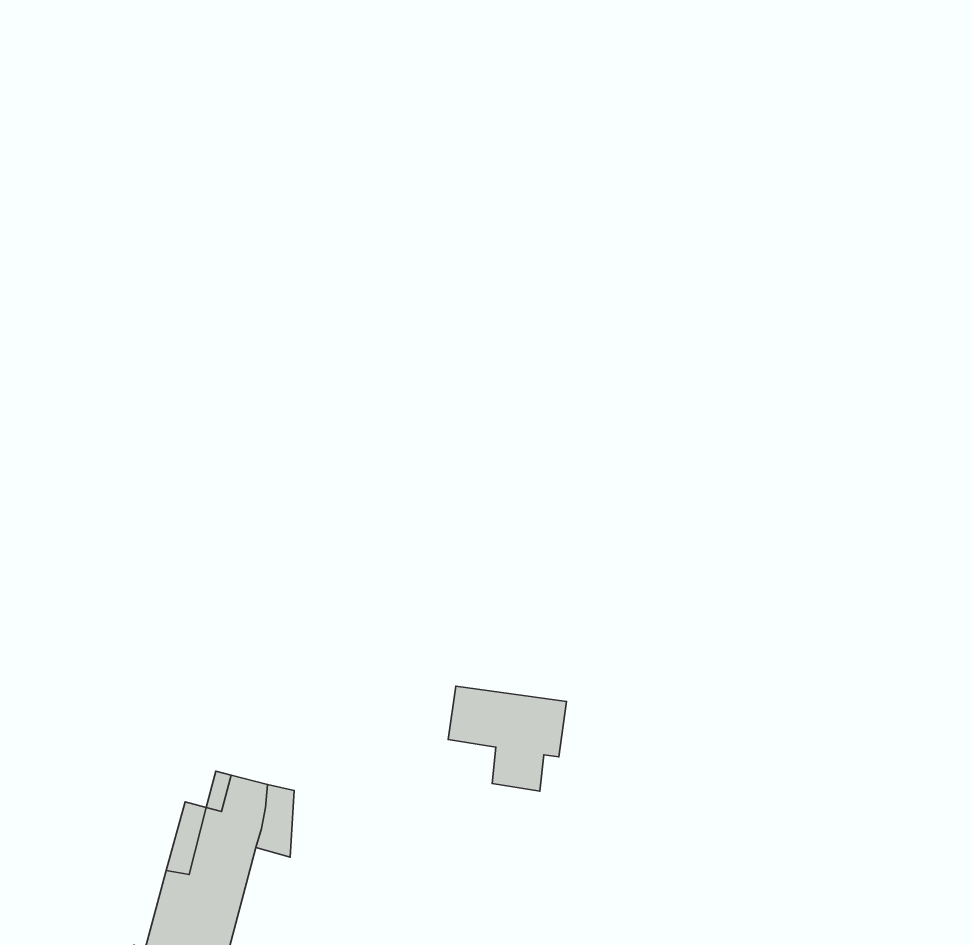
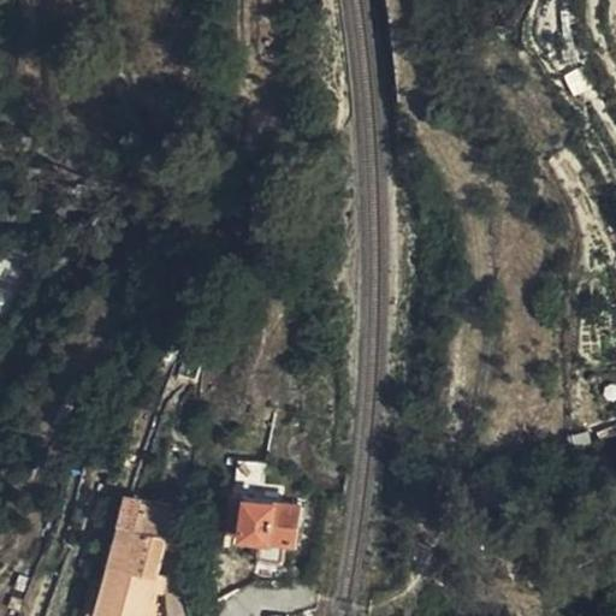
building: [448,686,567,791] -> [227,496,302,562]

